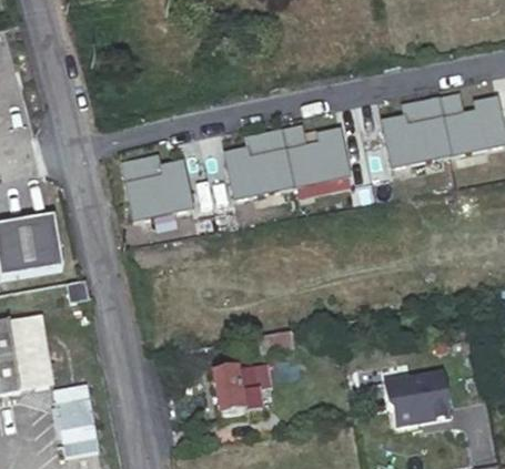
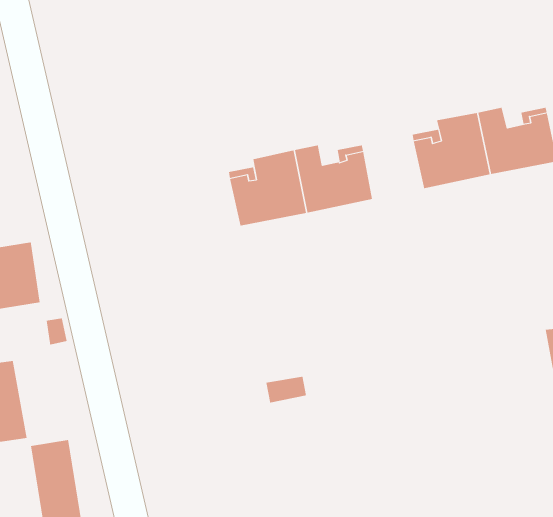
building: [122,160,191,221] -> none
building: [211,360,270,412] -> none
building: [383,368,450,422] -> none

